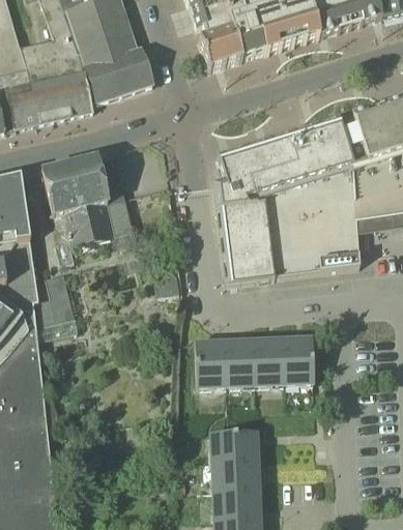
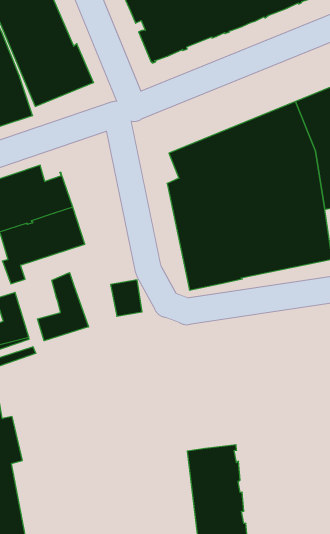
building: none -> [37,273,89,341]
building: [195,337,314,387] -> none

